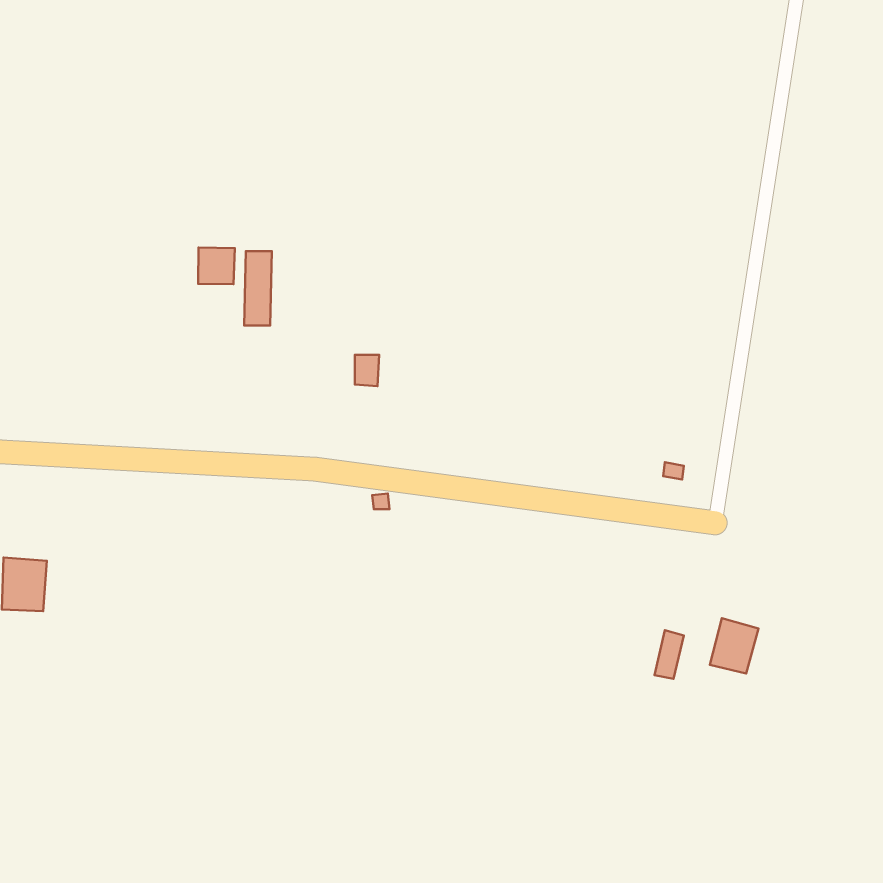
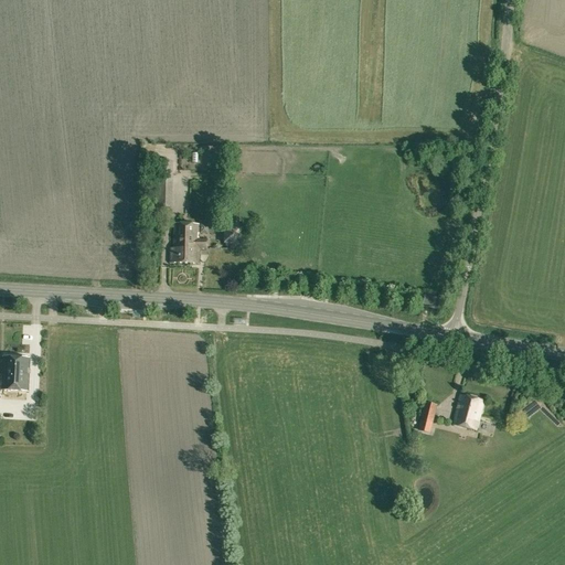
building: [198,247,235,284] -> none
building: none -> [171,223,209,263]

